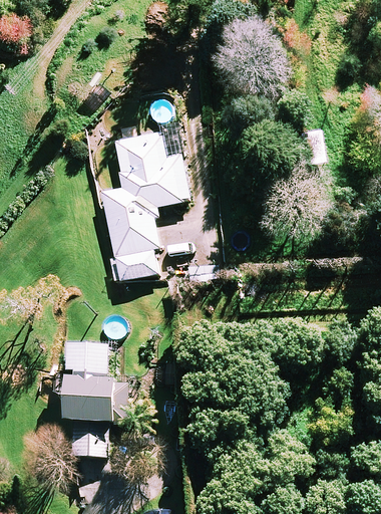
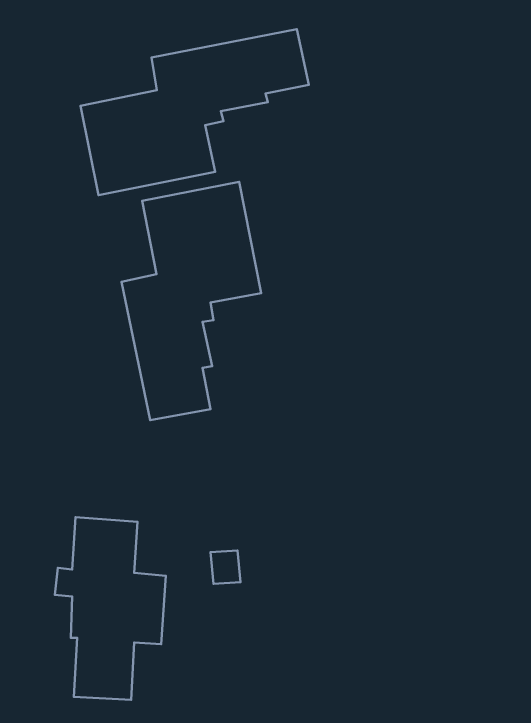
building: none -> [80,29,309,195]

